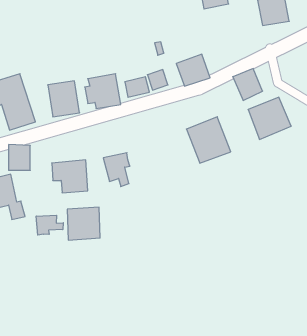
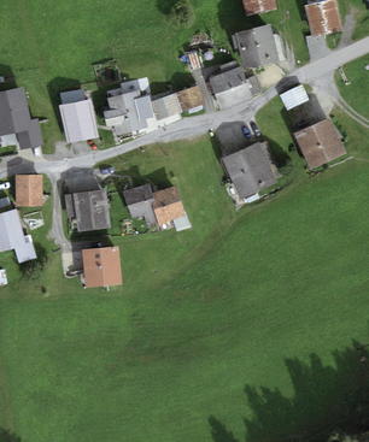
building: none -> [235,24,280,67]
building: none -> [150,184,186,229]
building: [36,215,63,235] -> none

